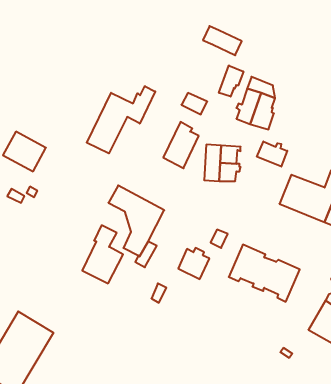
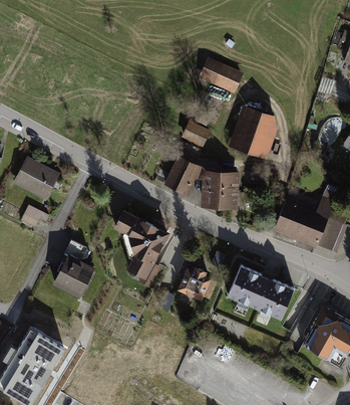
building: [219,65,243,97] -> none
building: [87,86,155,153] -> none
building: [257,141,287,167] -> none
building: [82,225,123,283] -> [54,241,92,295]

